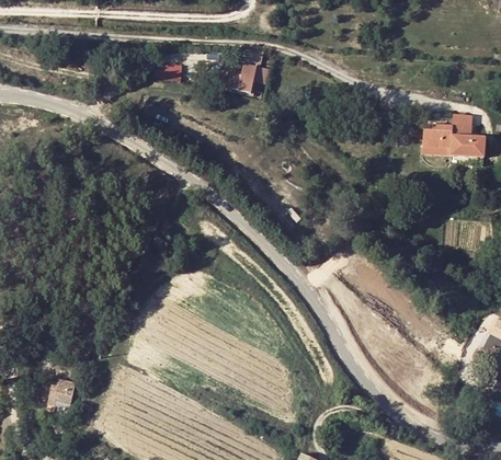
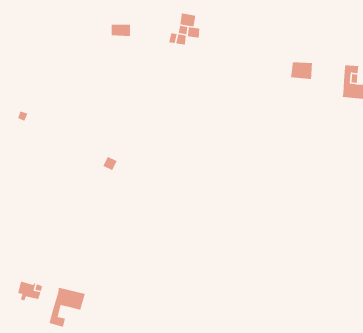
building: [422,127,451,150] -> [290,61,313,80]
building: none -> [48,287,86,328]

